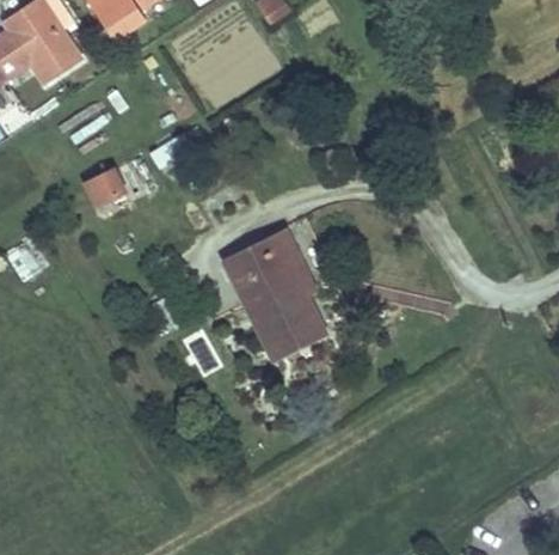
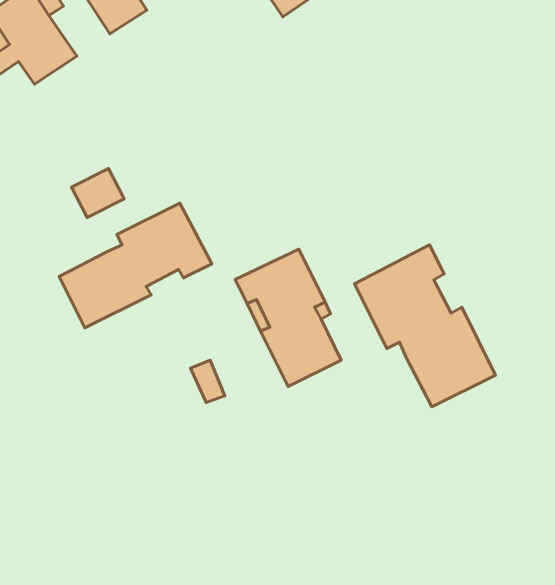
building: none -> [59,203,212,328]
building: none -> [354,245,496,407]

